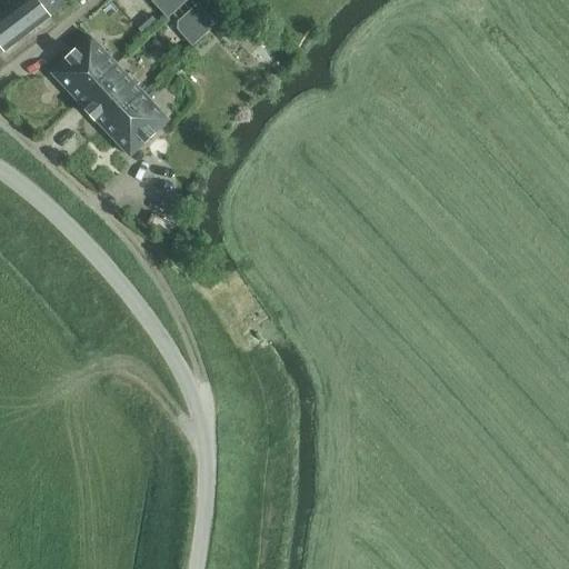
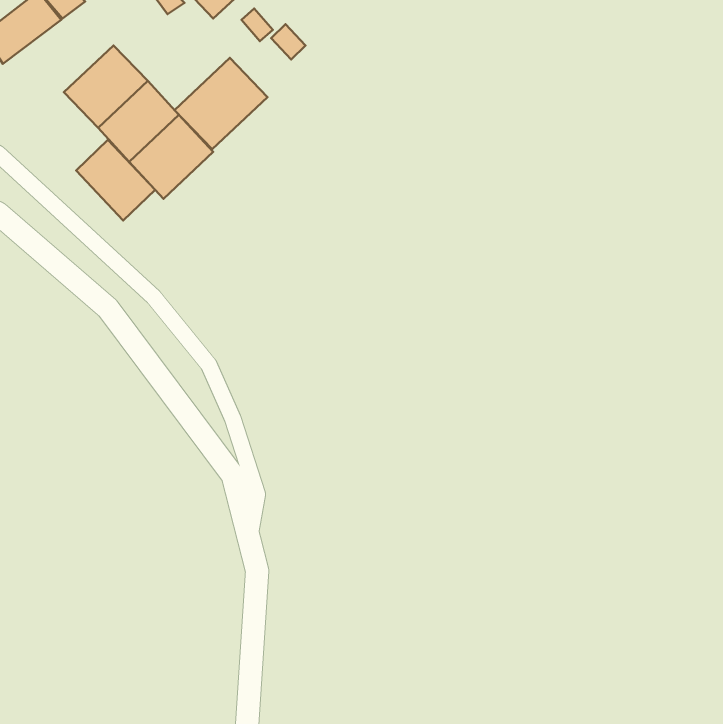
building: none -> [174,58,268,149]
building: none -> [76,140,155,221]

